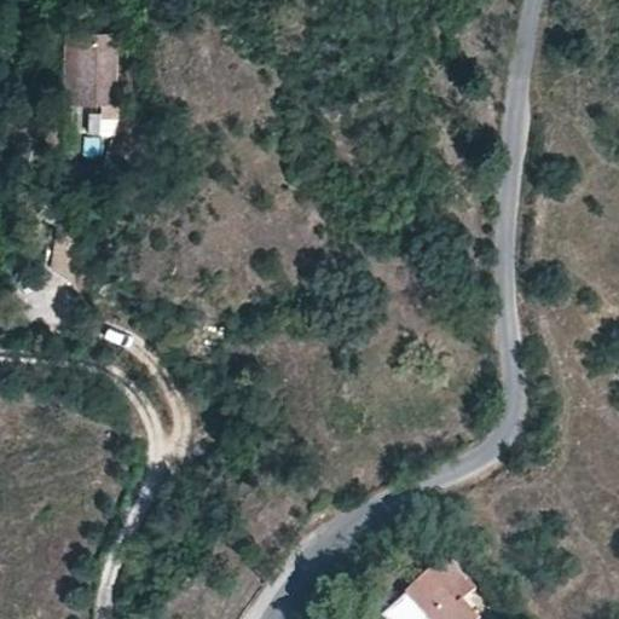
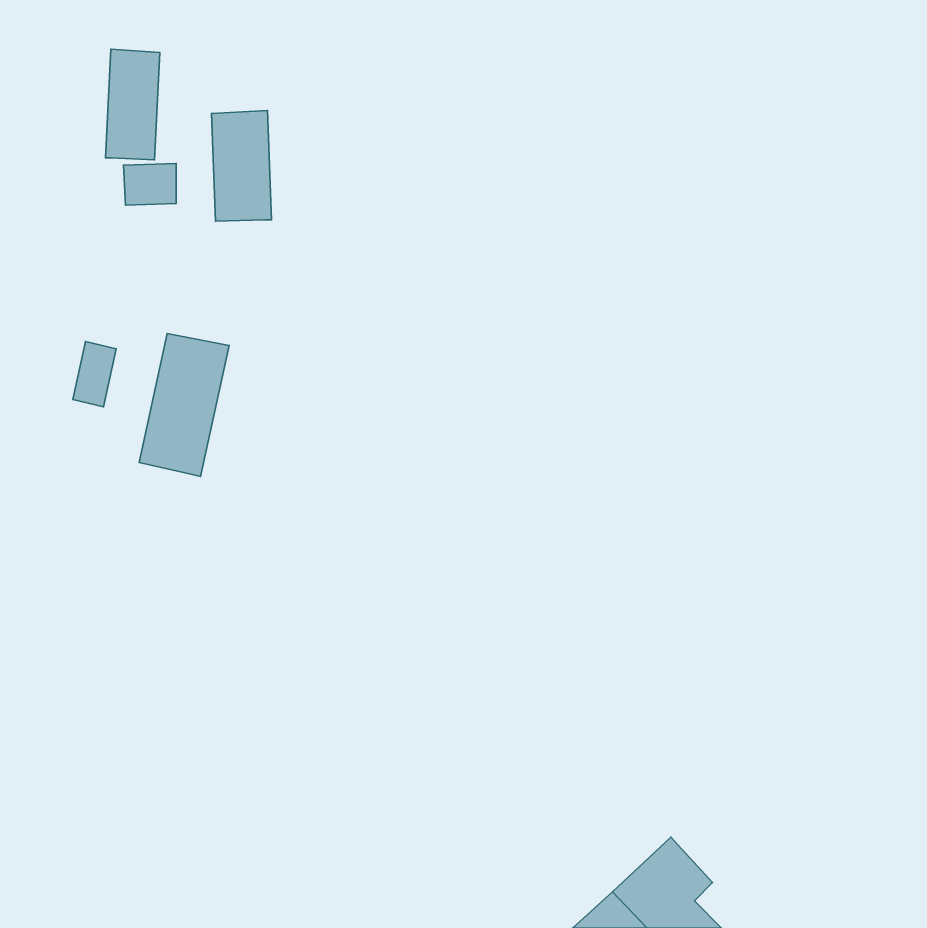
building: none -> [212,110,271,221]
building: none -> [139,333,229,477]

